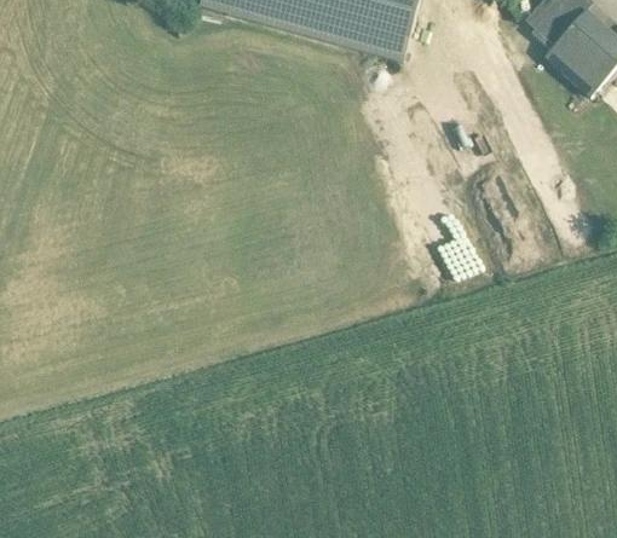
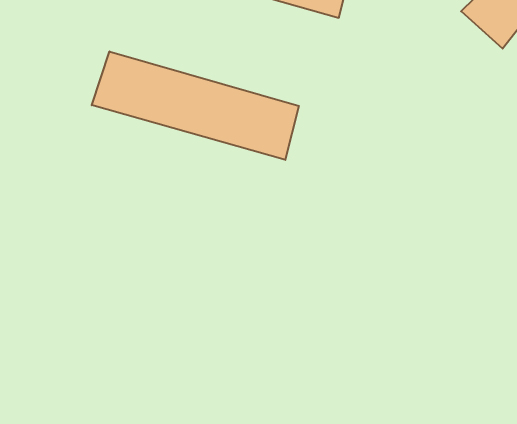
building: none -> [92,51,299,160]

